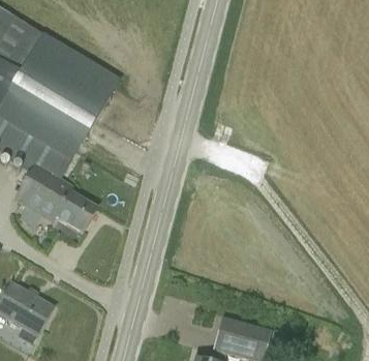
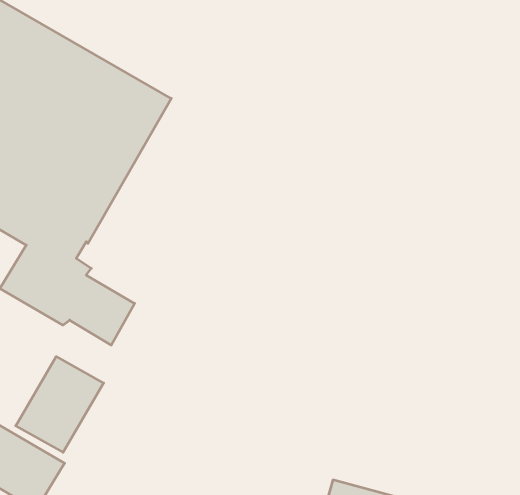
building: none -> [16,357,104,452]

